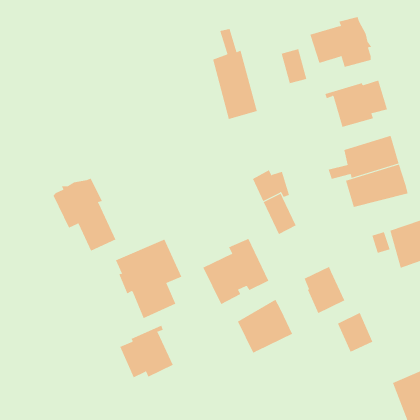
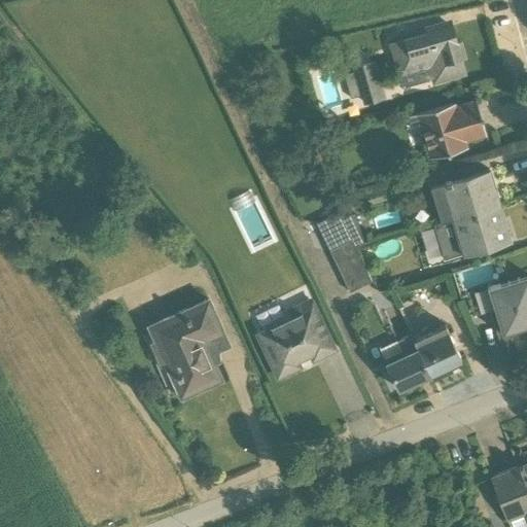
building: [213,28,257,120] -> none
building: [53,178,116,251] -> none
building: [237,299,293,354] -> none
building: [337,312,373,352] -> [416,326,461,377]
building: [119,325,173,378] -> none

